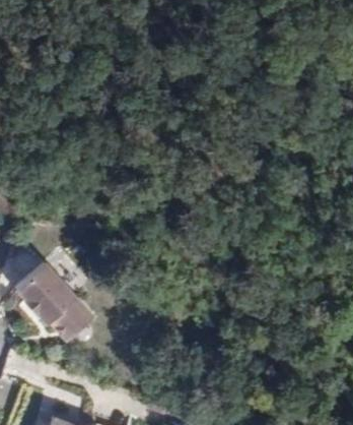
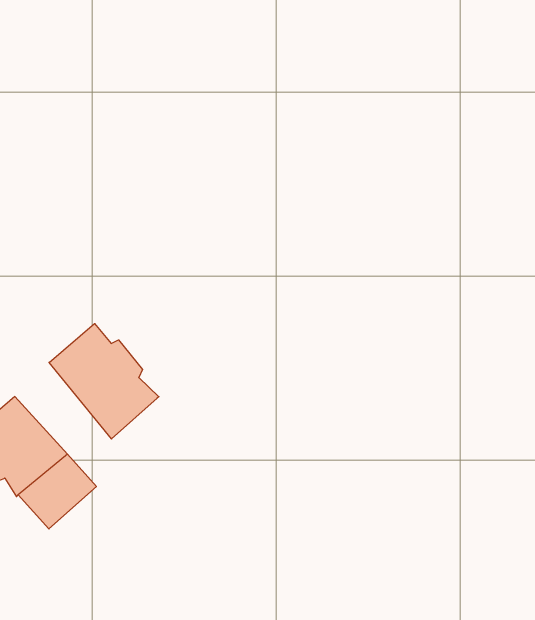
building: none -> [49,324,159,439]

